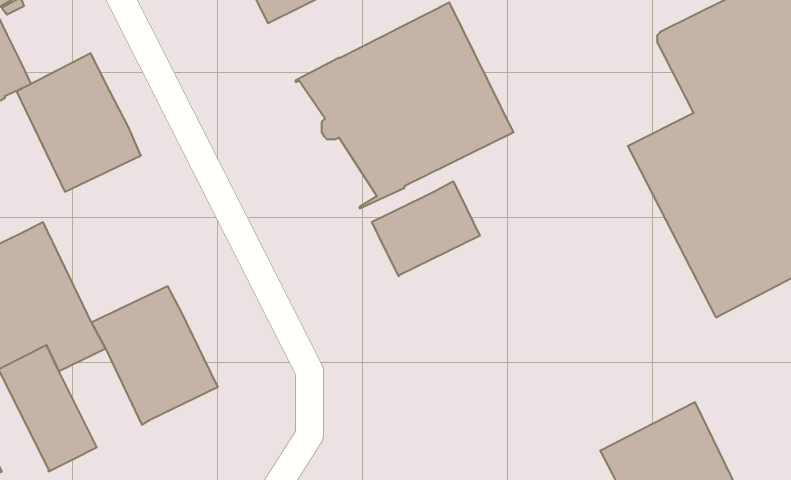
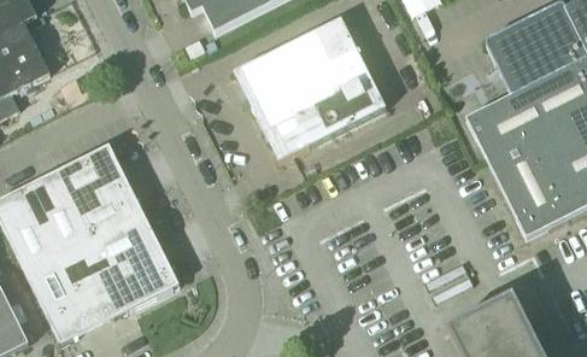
building: [16,53,141,192] -> [57,142,143,239]
building: [372,181,480,276] -> none
building: none -> [67,257,125,326]

